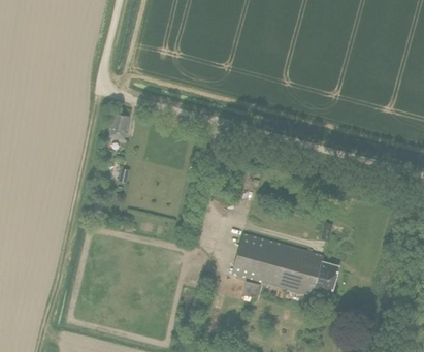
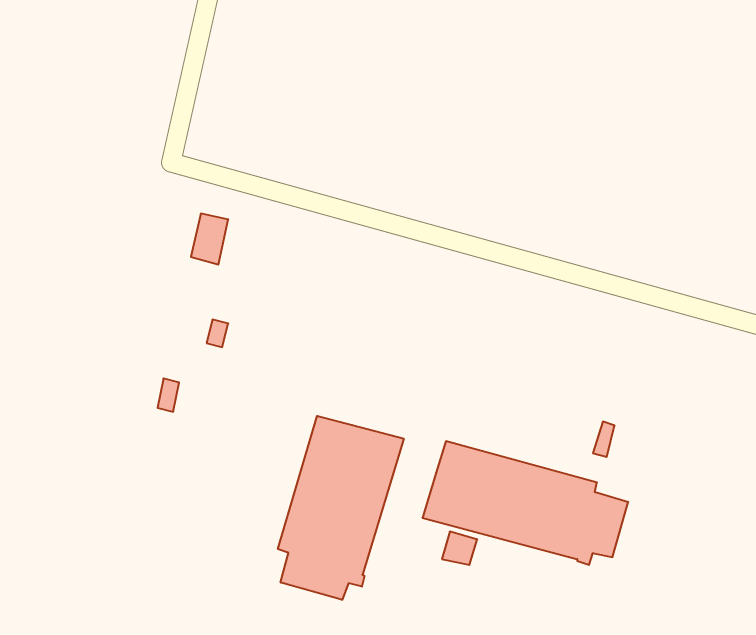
building: none -> [278,416,404,600]

